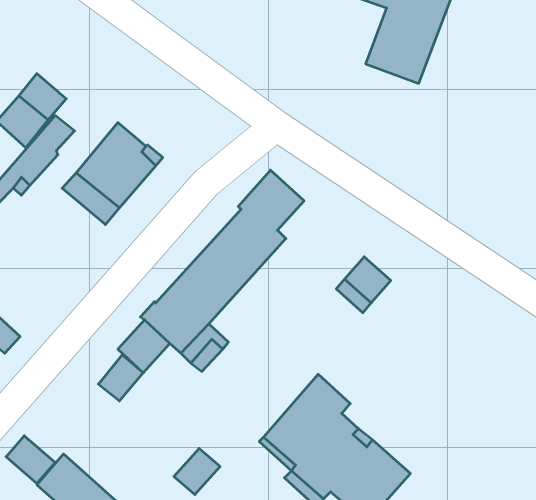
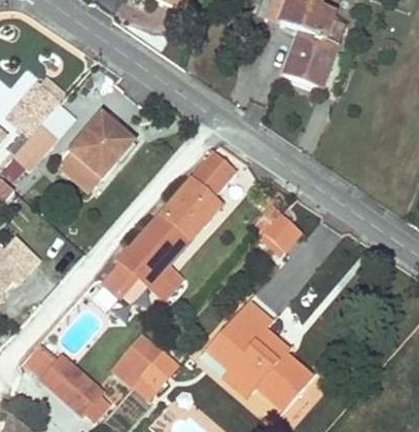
building: none -> [112,331,165,386]

